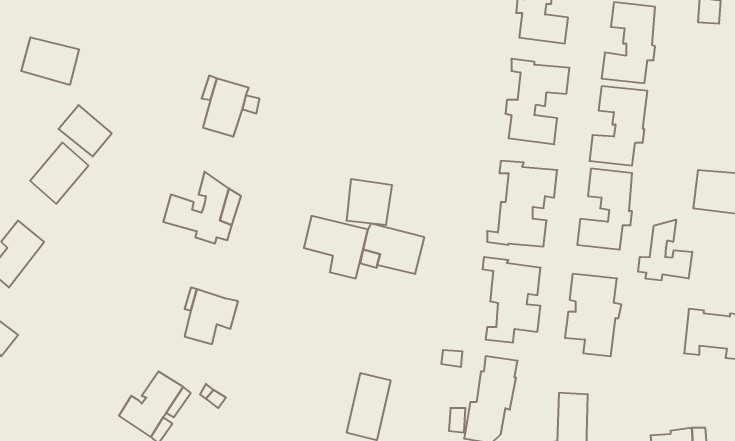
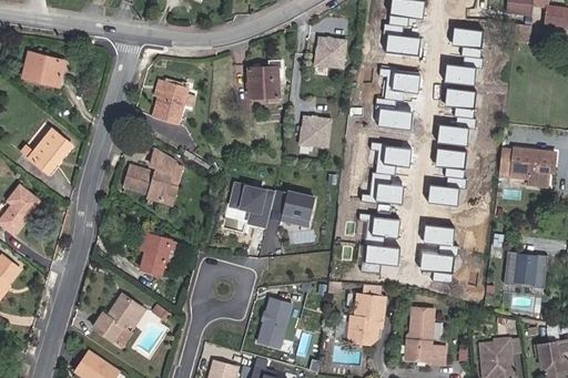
building: none -> [313,37,346,70]
building: none -> [247,60,281,103]
building: [58,105,112,157] -> none
building: [346,179,392,225] -> [298,114,332,147]
building: [638,220,692,280] -> none

